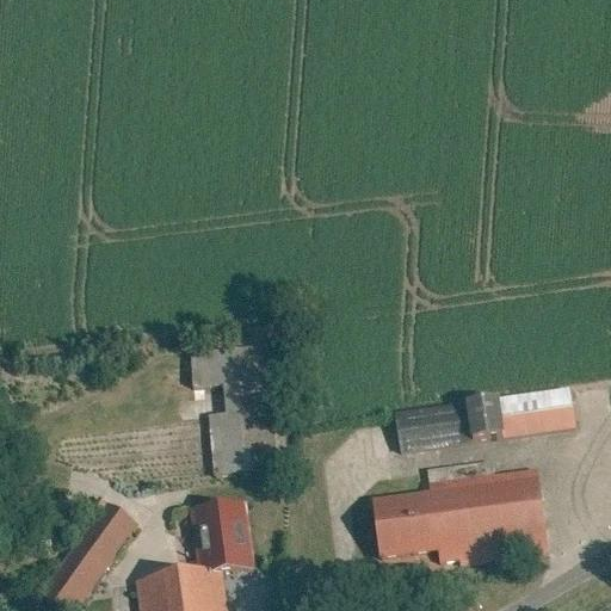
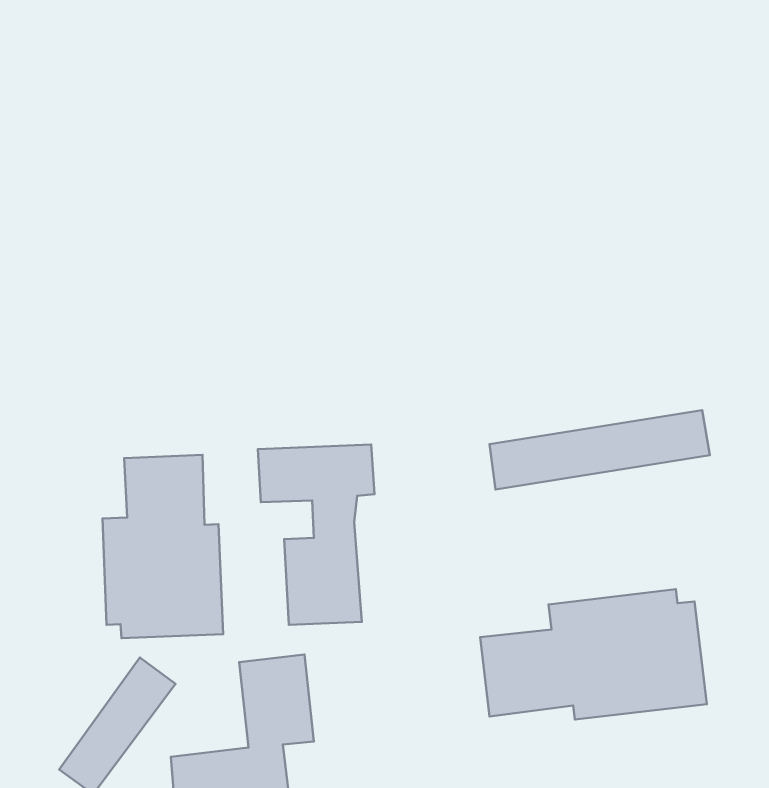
building: none -> [103,455,223,638]
building: [402,388,572,449] -> [489,410,710,489]

